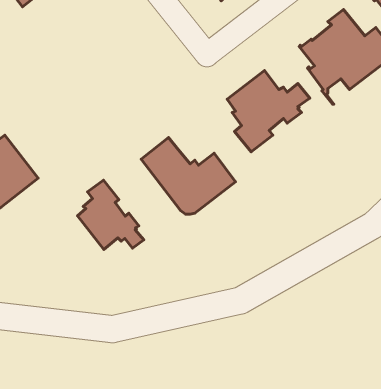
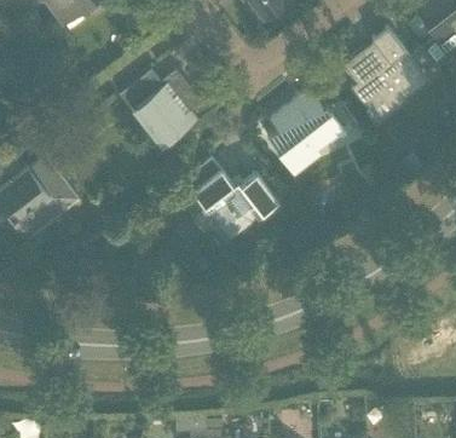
building: none -> [121,71,203,145]
building: [77,180,144,250] -> none

